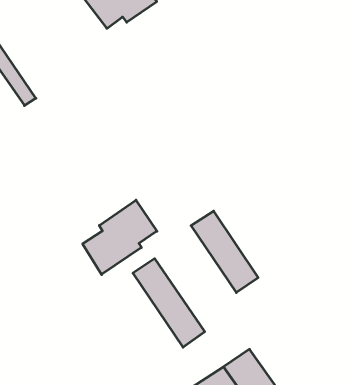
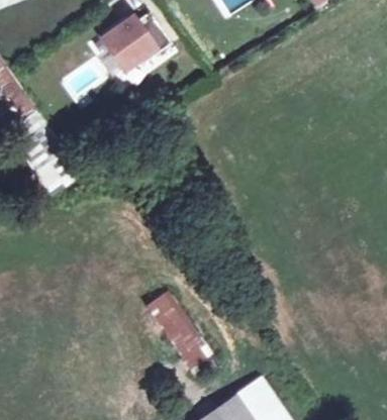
building: [83,200,157,275] -> none
building: [191,211,258,293] -> none

